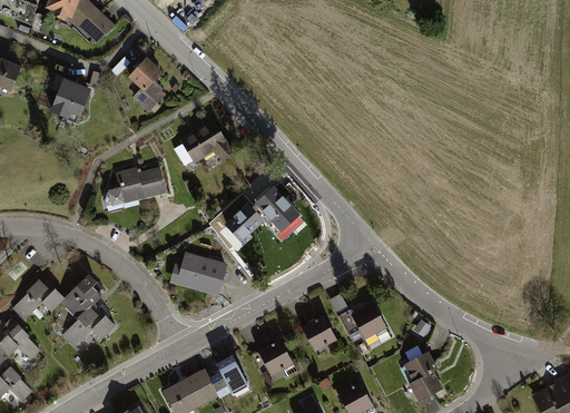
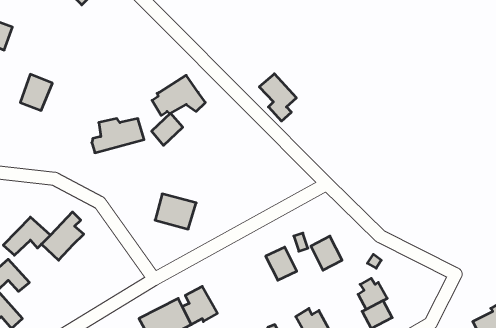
building: [129,59,166,112] -> none
building: [53,83,89,124] -> [20,74,52,110]
building: [256,189,297,242] -> [259,74,296,121]
building: [226,205,261,240] -> [152,113,183,145]
building: [61,308,116,350] -> none
building: [257,338,292,375] -> none

